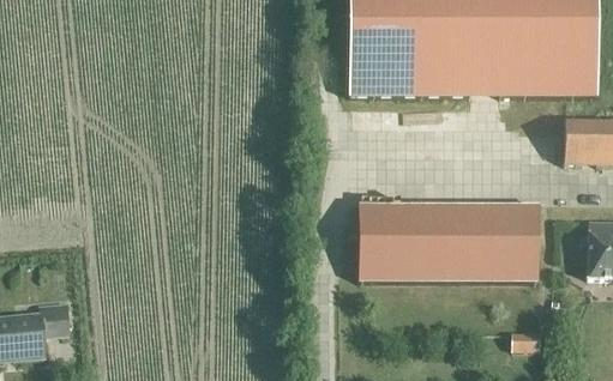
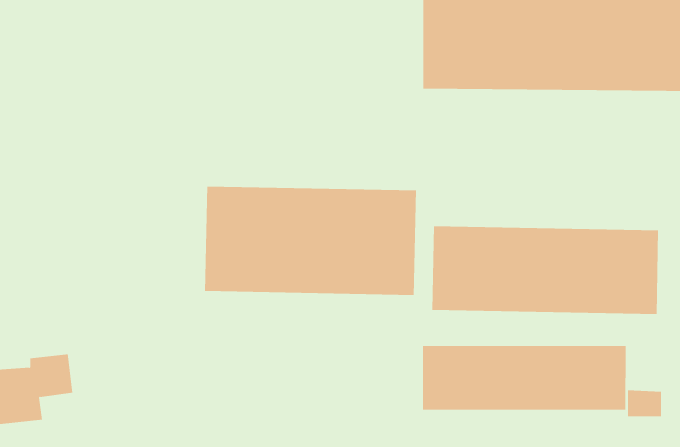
building: none -> [204,186,416,296]
building: none -> [422,345,626,411]

